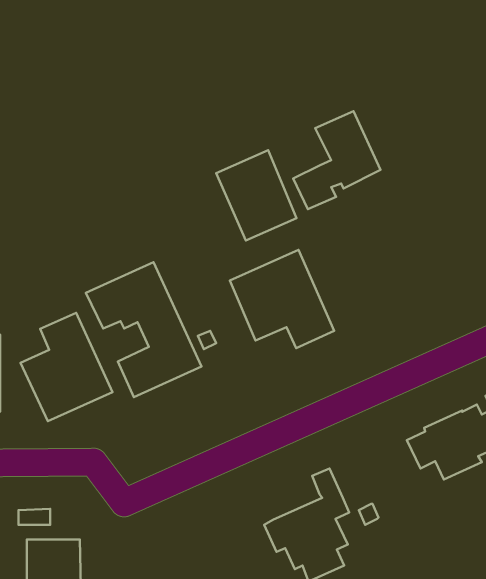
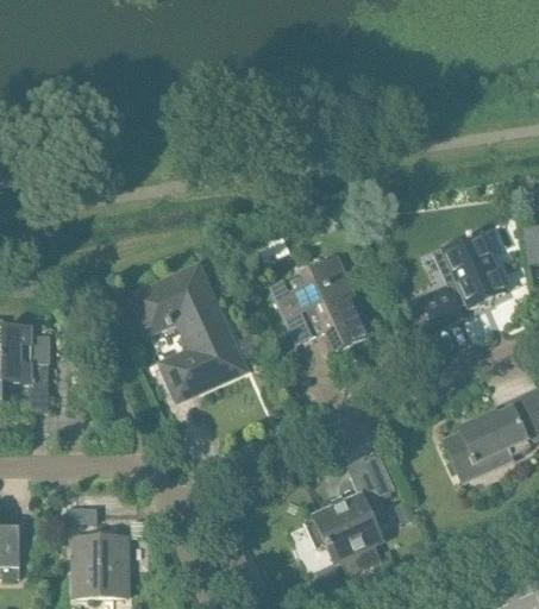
building: [293,111,380,209] -> [419,232,503,327]
building: [216,150,297,240] -> none
building: [21,313,112,421] -> none

